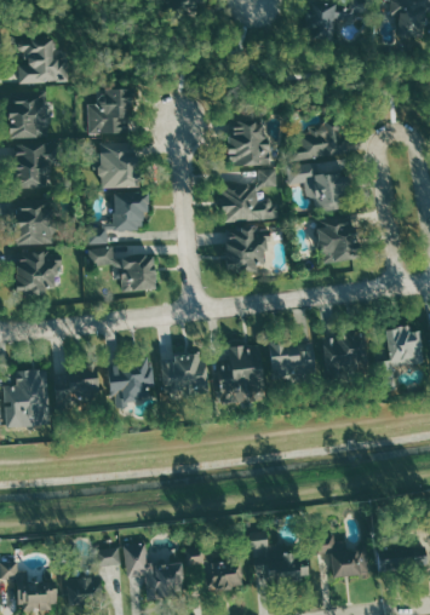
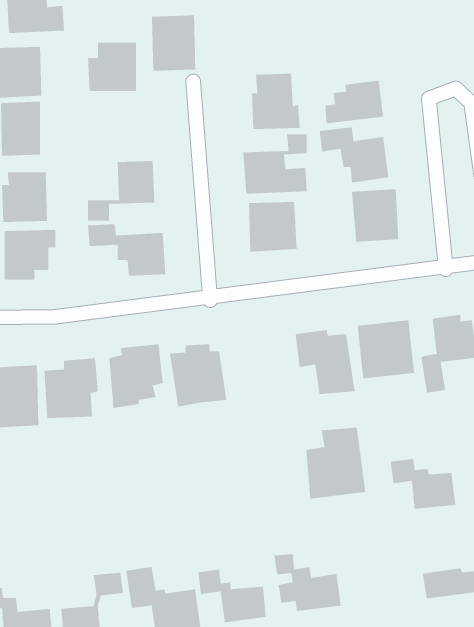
building: [99,142,138,190] -> [151,15,196,71]
building: [213,344,265,406] -> [305,427,366,499]
building: [311,533,368,576] -> [390,459,456,509]

